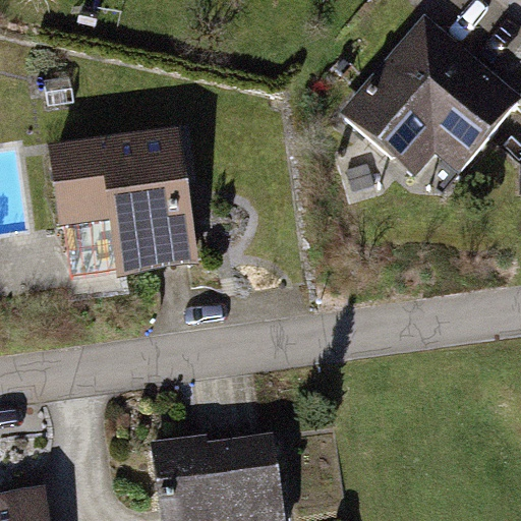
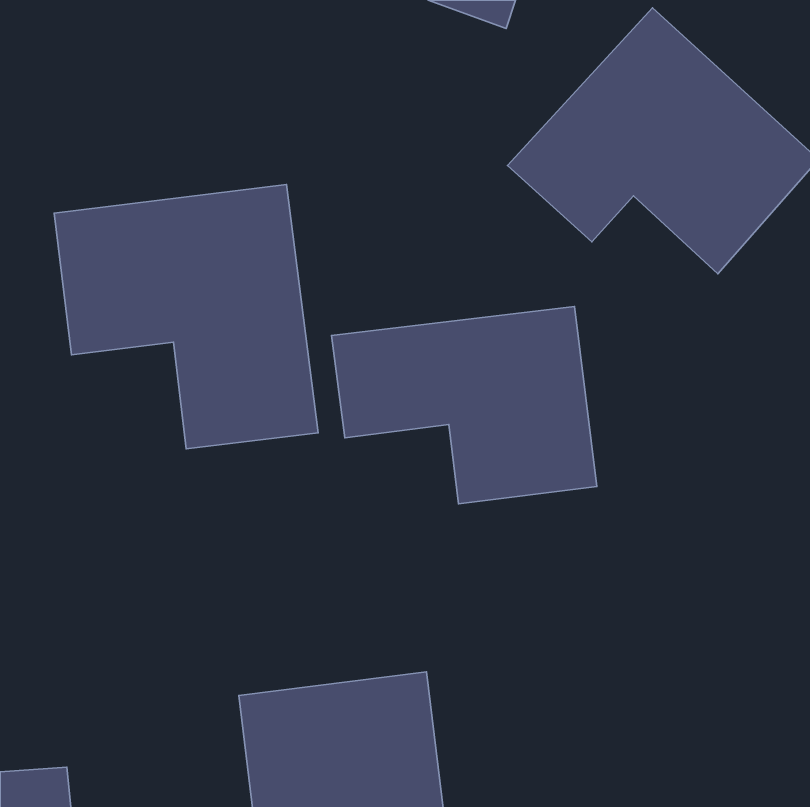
building: none -> [332,306,597,504]

